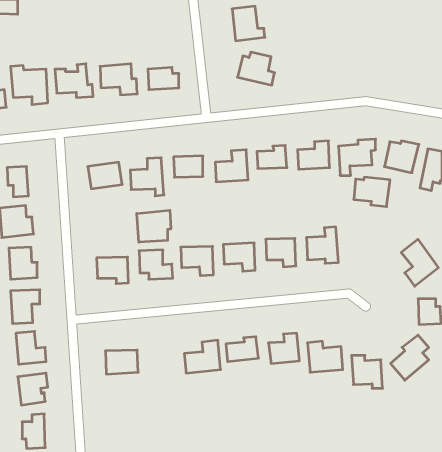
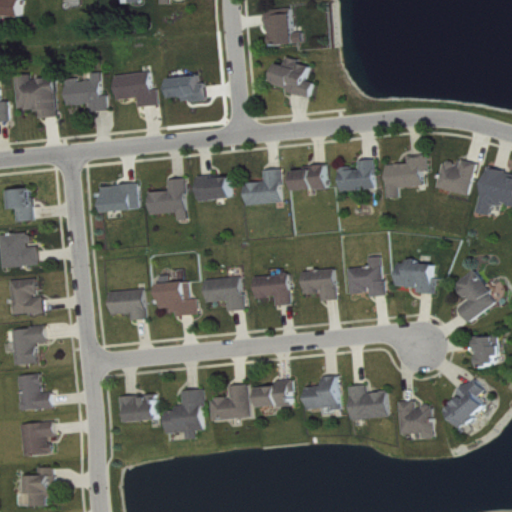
building: [354,177,390,207] -> [393,261,434,294]
building: [137,210,171,242] -> none
building: none -> [163,389,202,439]

